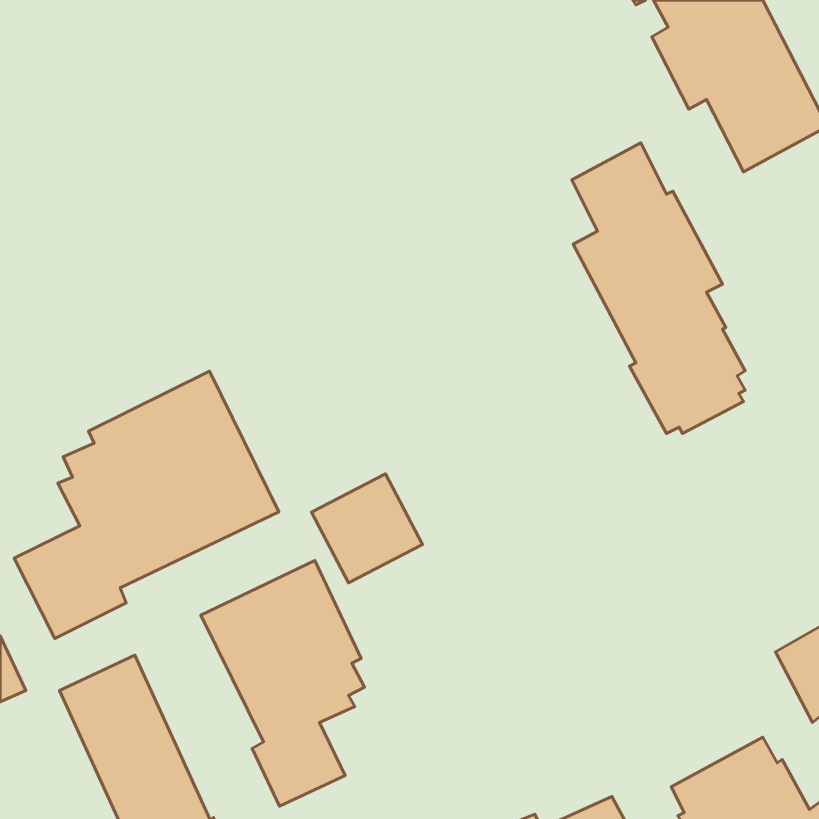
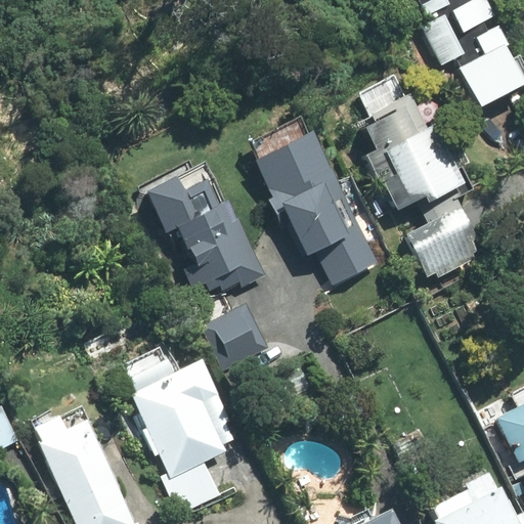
building: none -> [253,130,378,285]
building: none -> [143,174,266,293]
building: [14,371,279,638] -> none

